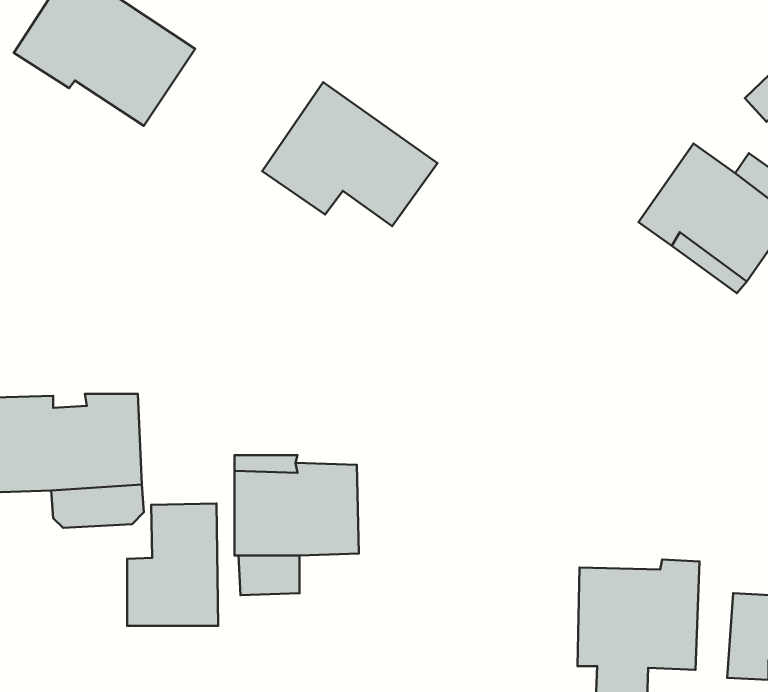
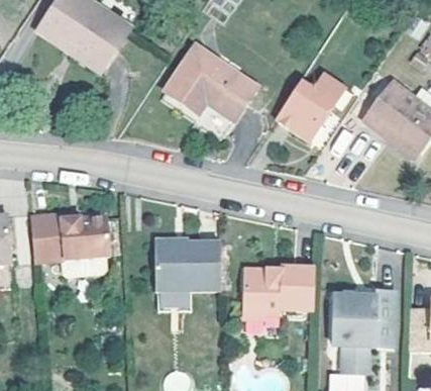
building: none -> [281,71,347,138]
building: [127,504,218,626] -> none
building: none -> [242,268,313,318]

